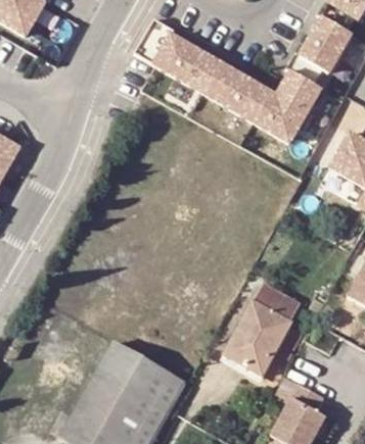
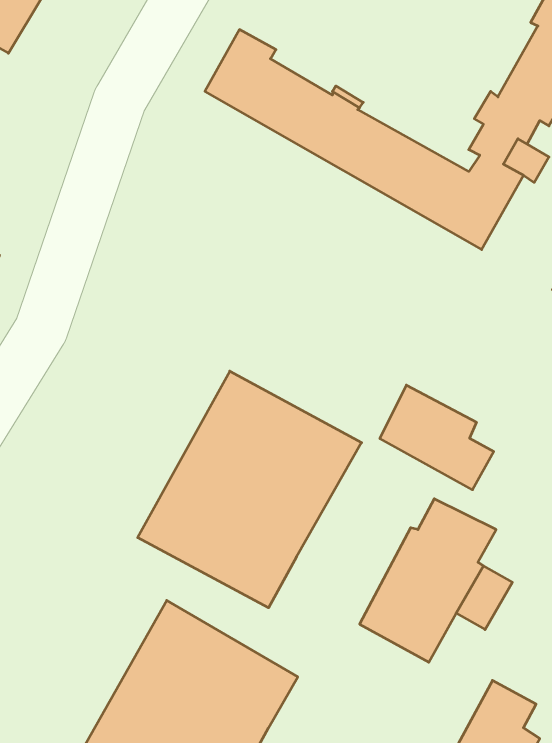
building: none -> [138,371,362,608]
building: none -> [380,385,494,490]

